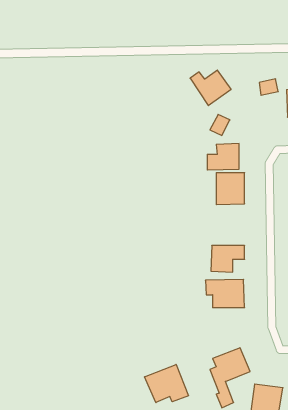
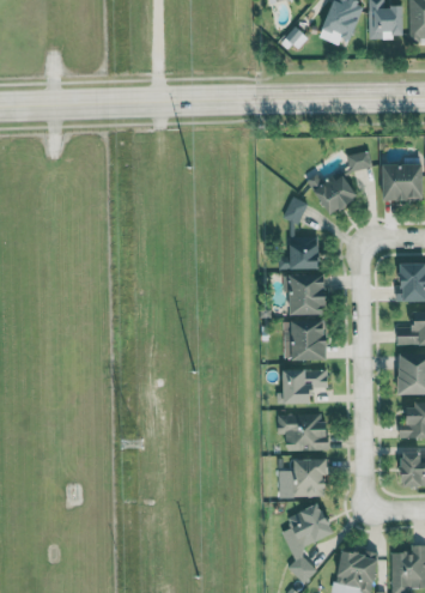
building: [190,70,231,106] -> [305,170,359,217]
building: none -> [281,319,328,361]
building: none -> [278,459,328,497]
building: [145,364,189,403] -> none

